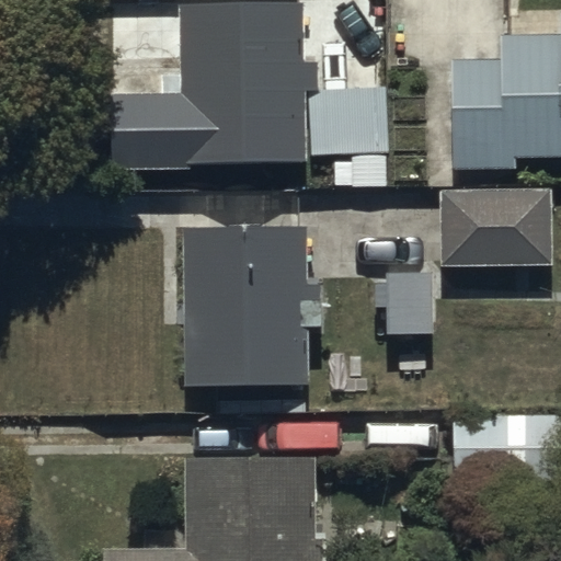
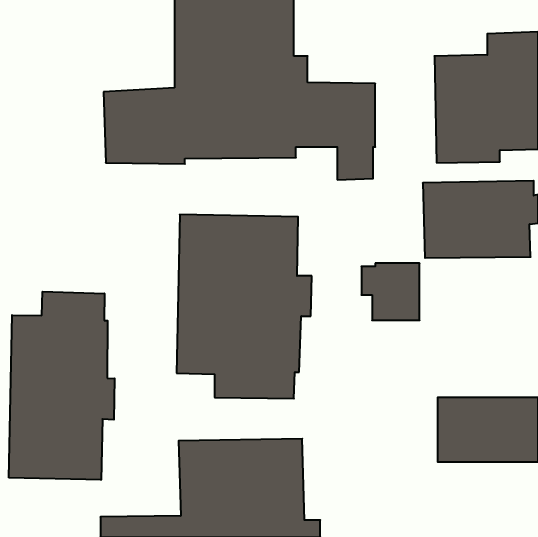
building: none -> [9,292,115,480]

